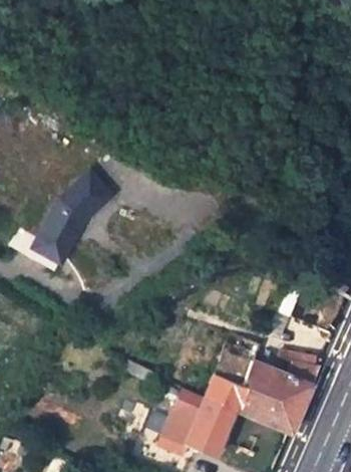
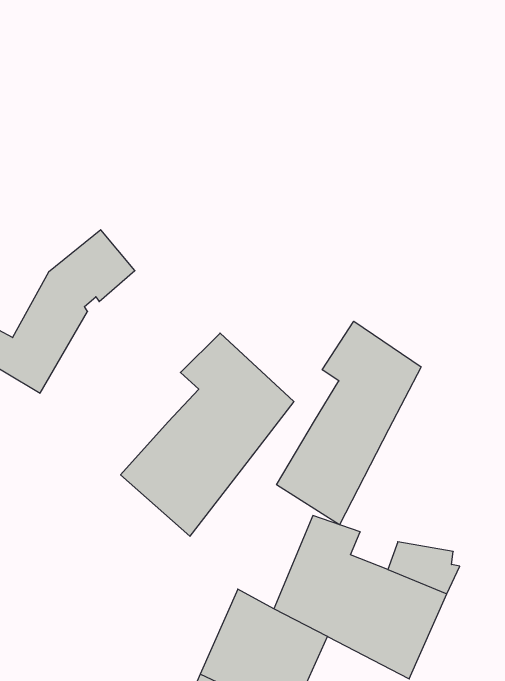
building: none -> [277,321,421,525]
building: none -> [121,333,294,536]

